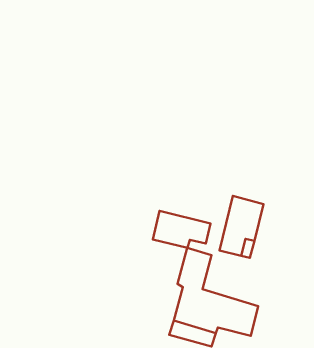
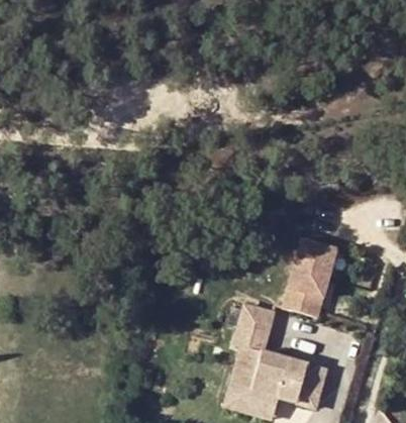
building: [153,211,211,248] -> none

